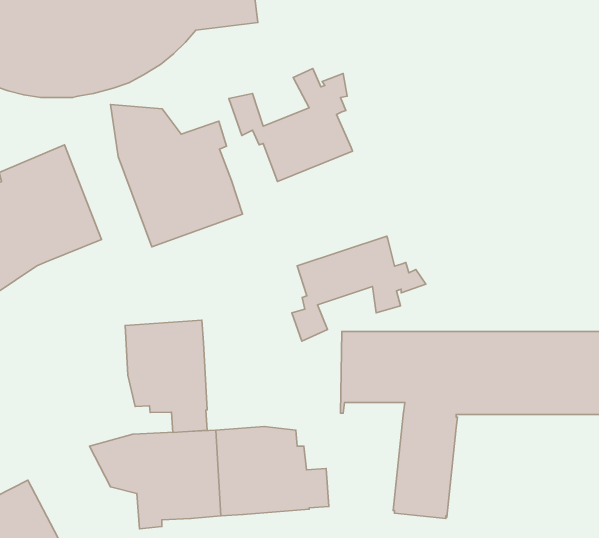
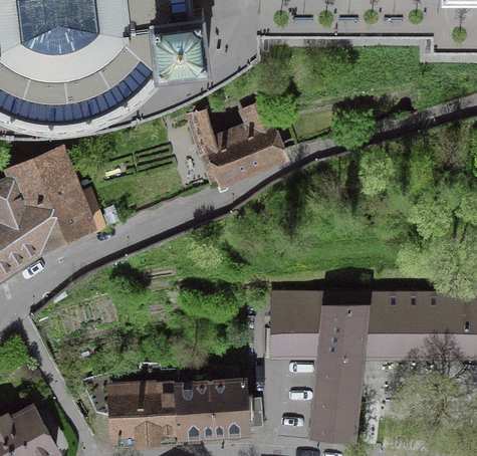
building: [110,105,243,247] -> none
building: [292,236,426,341] -> none
building: [125,320,207,432] -> none

